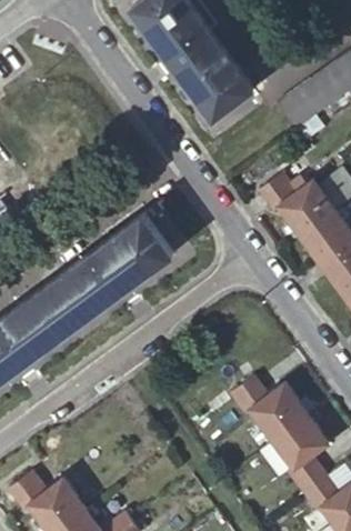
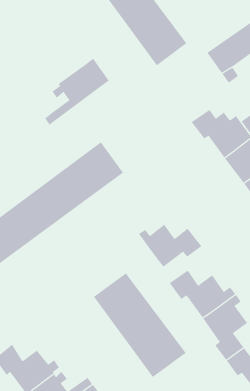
building: none -> [44,58,110,126]
building: none -> [138,224,202,267]
building: none -> [93,272,186,378]

